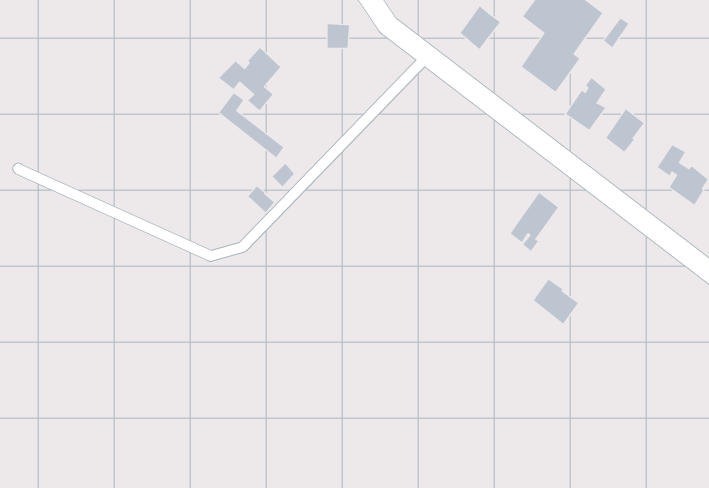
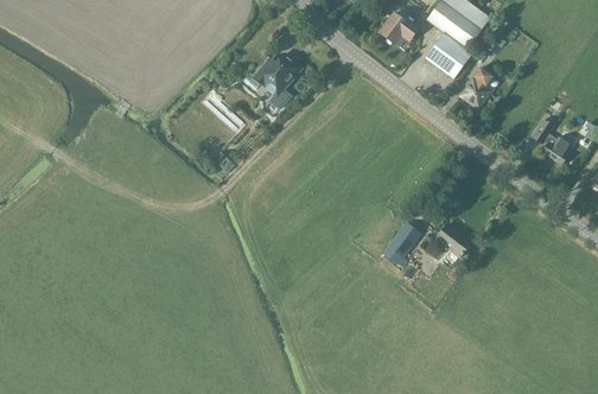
building: [219,47,281,111] -> [254,52,303,102]
building: [606,109,645,153] -> none
building: [510,192,559,252] -> [383,221,421,267]

